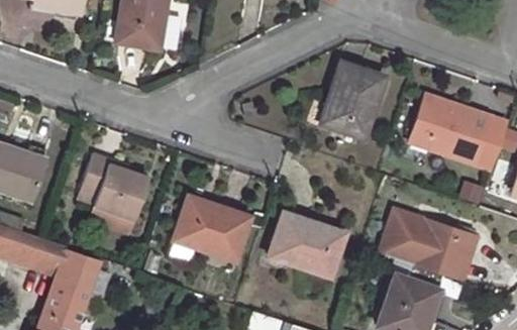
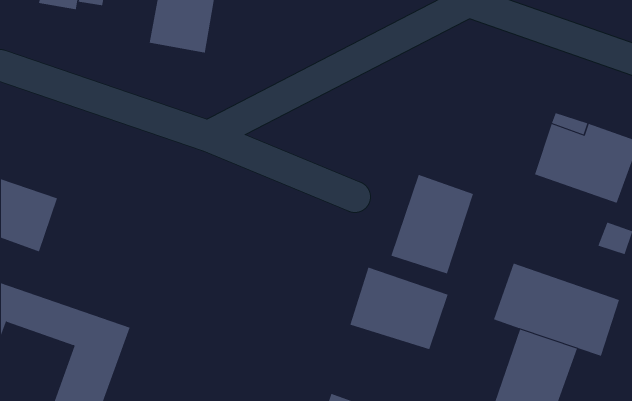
building: [321,61,385,137] -> [391,174,474,274]
building: [82,153,149,220] -> none
building: [174,196,250,260] -> none

